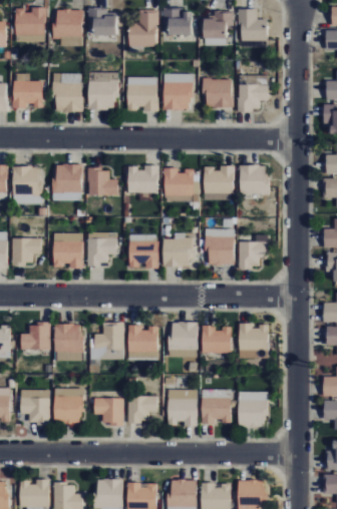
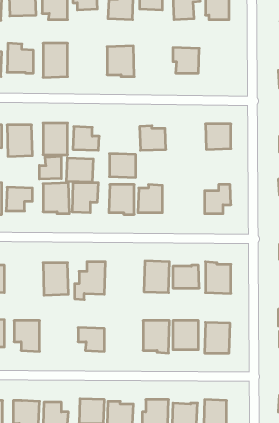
building: [88,72,117,109] -> none
building: [162,73,193,110] -> none
building: [239,75,269,111] -> none
building: [128,166,158,193] -> [109,154,136,177]
building: [205,166,234,200] -> none
building: none -> [39,156,61,179]
building: none -> [66,158,93,182]
building: [206,228,234,266] -> none
building: [20,323,50,350] -> none
building: [129,325,158,359] -> none
building: [54,389,83,424] -> none
building: [128,396,158,422] -> none

